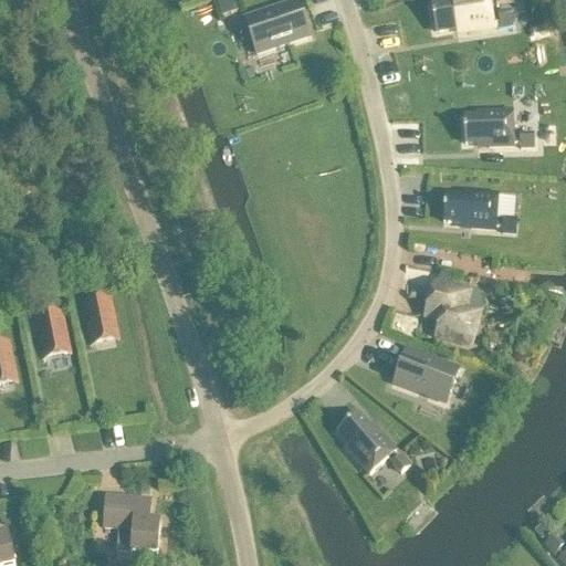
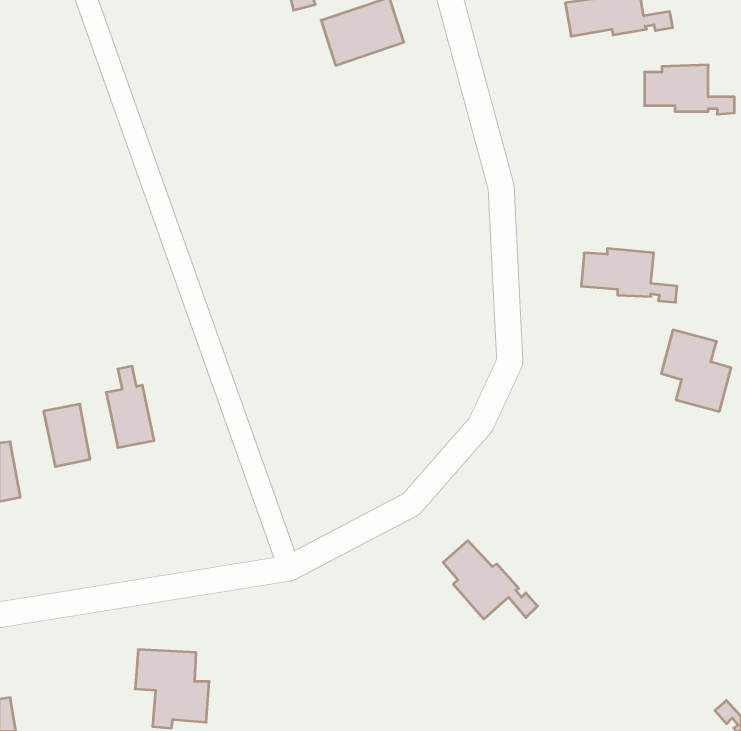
building: [464,107,533,145] -> [644,65,734,114]
building: [424,280,478,342] -> [661,330,731,411]
building: [394,346,458,399] -> none

